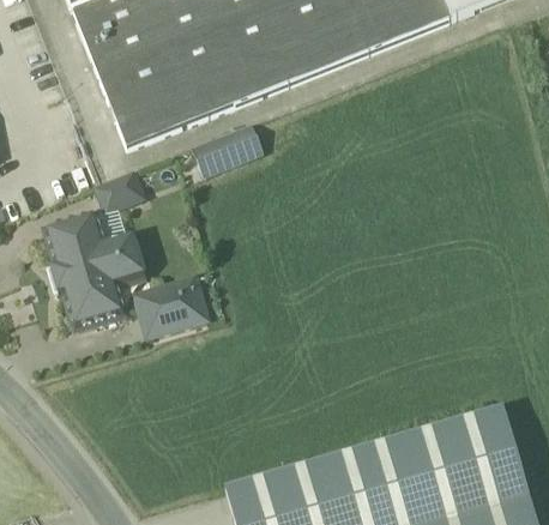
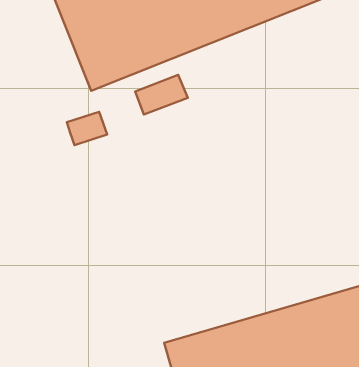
building: [42,216,139,324] -> none
building: [135,277,209,337] -> none

